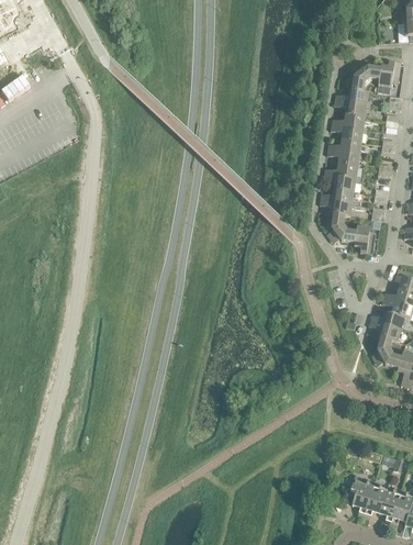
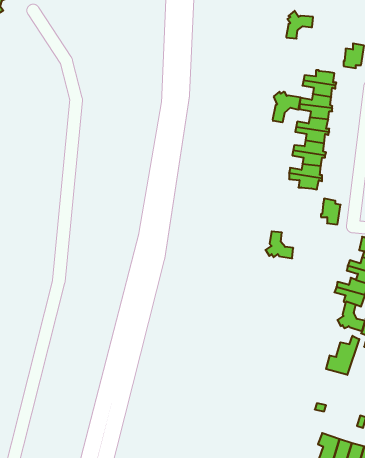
building: [350,60,379,90] -> [286,11,313,39]
building: none -> [273,92,301,122]
building: [325,213,355,242] -> [265,231,293,258]
building: none -> [326,336,359,375]

